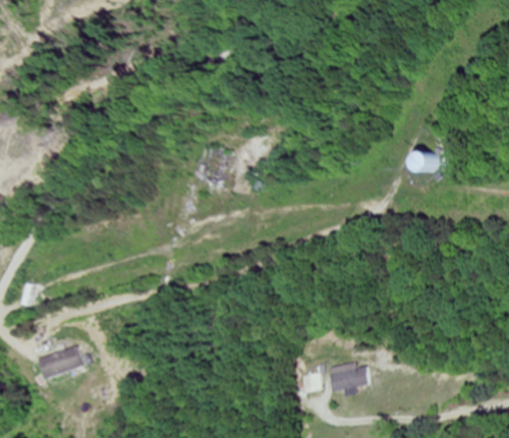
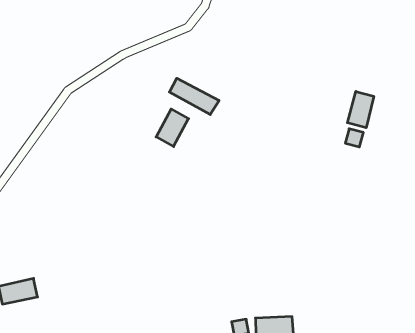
building: none -> [347,91,374,128]
building: none -> [169,78,219,115]

